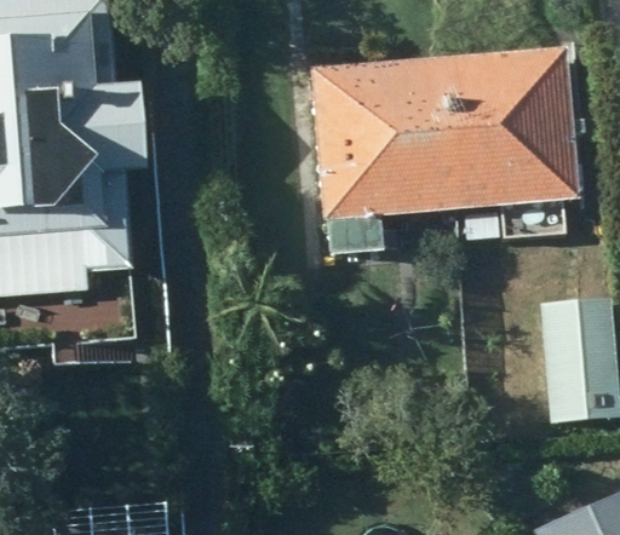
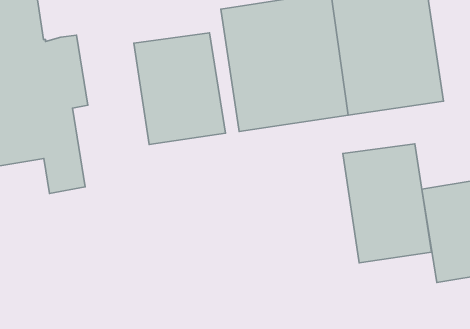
building: none -> [134,33,225,145]
building: none -> [343,144,432,263]

